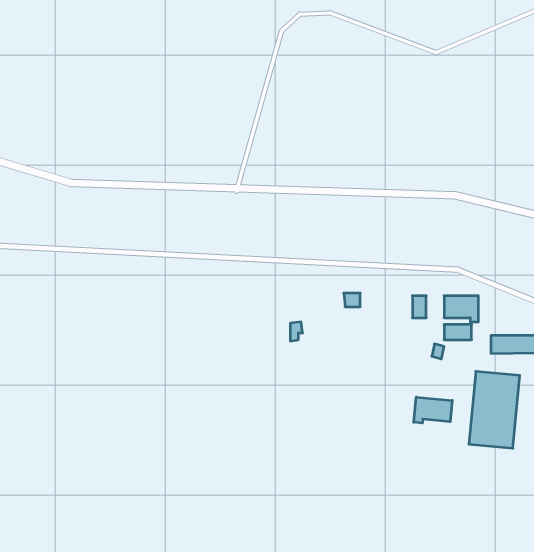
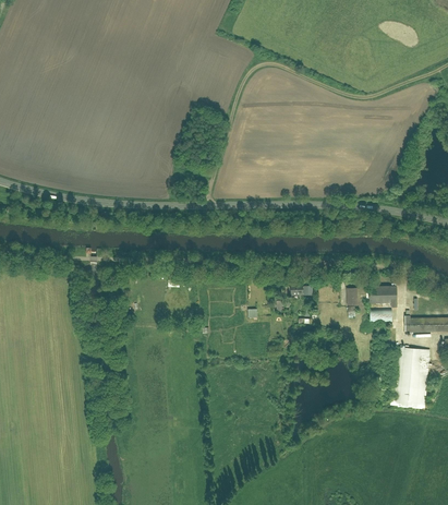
building: [414,397,452,423] -> none

